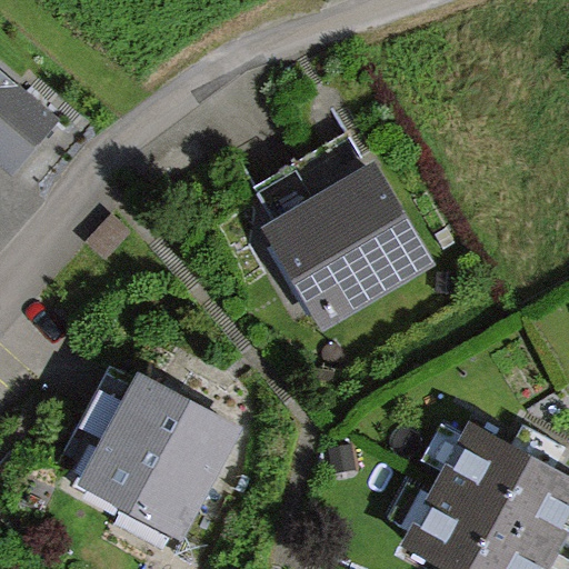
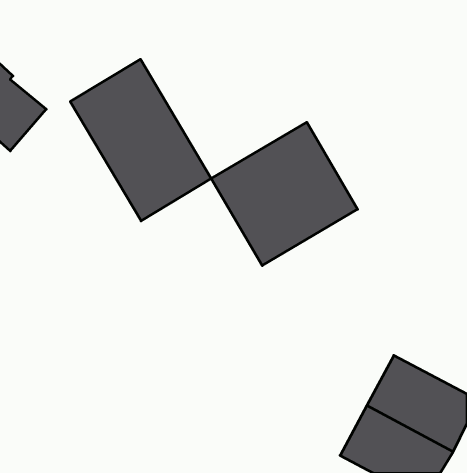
building: none -> [70,59,211,221]
building: [79,376,239,538] -> none

